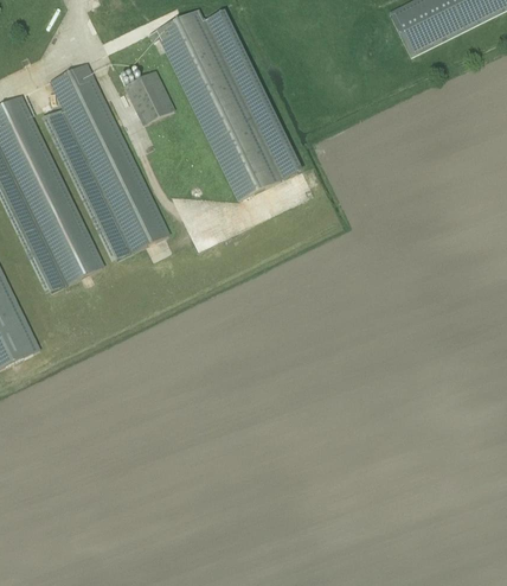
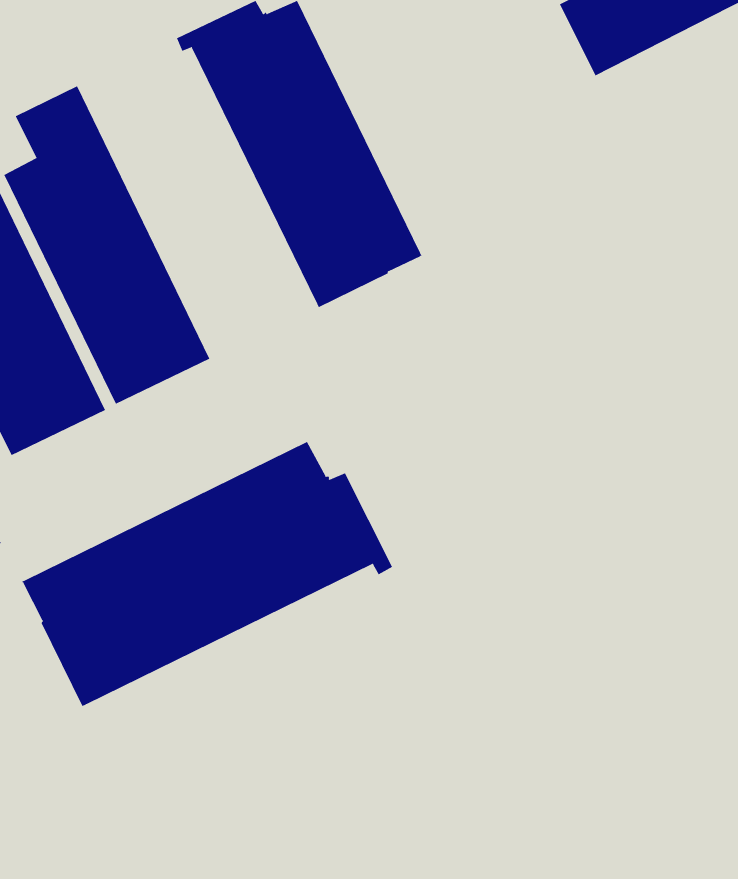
building: [122,69,174,125] -> none
building: none -> [21,441,393,707]

